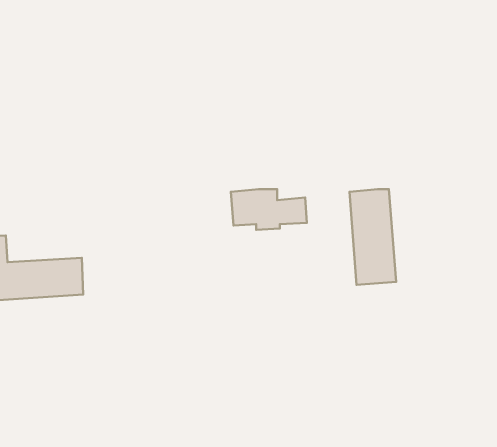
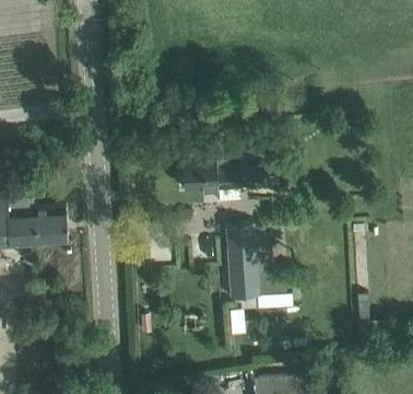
building: [350,189,396,285] -> [227,225,263,300]

